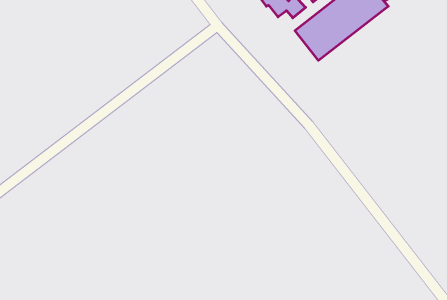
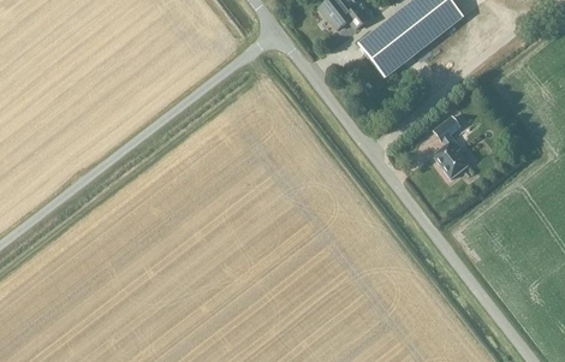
building: none -> [432,114,468,177]

